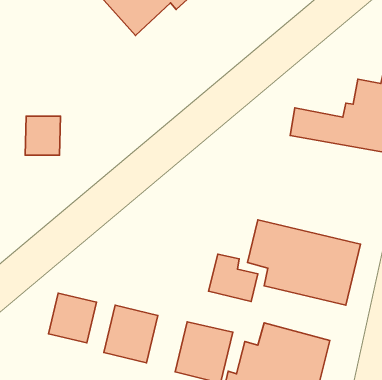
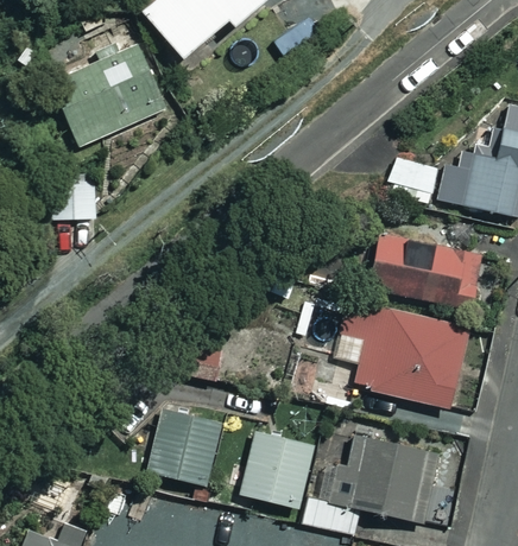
building: none -> [51,34,168,148]
building: none -> [369,234,489,311]
building: [49,293,96,343] -> none

